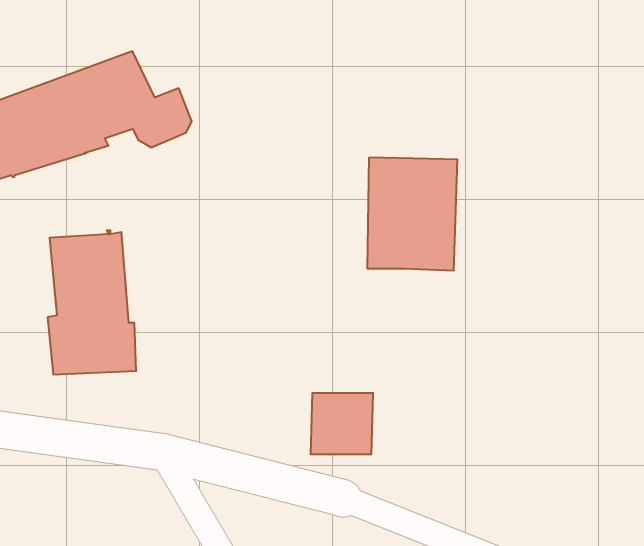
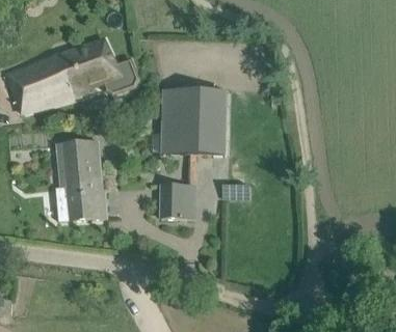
building: [367,158,458,270] -> [162,91,213,155]
building: [310,393,373,454] -> [160,185,195,219]

